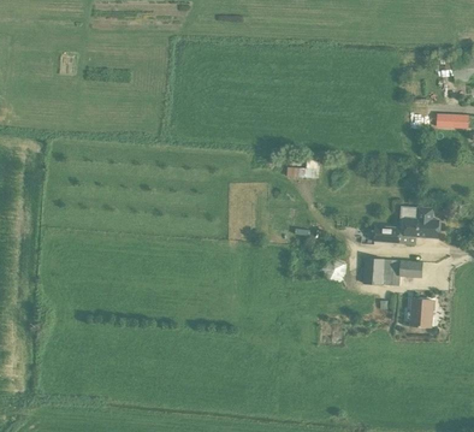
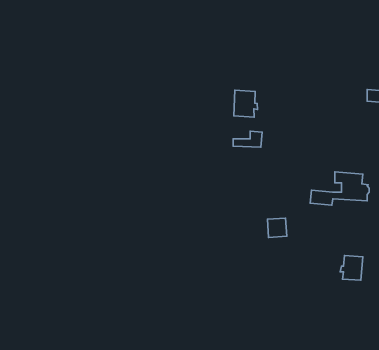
building: none -> [234,90,258,117]
building: [362,258,421,285] -> none

